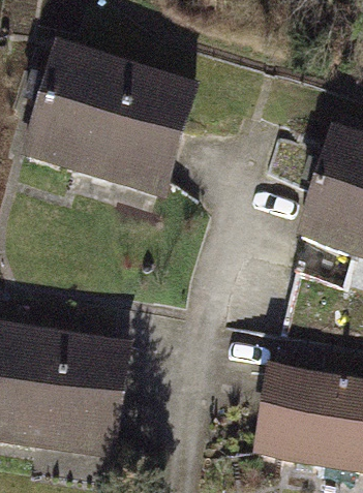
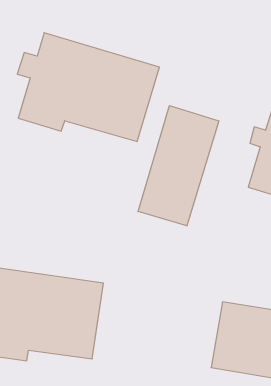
building: none -> [138,106,219,226]

